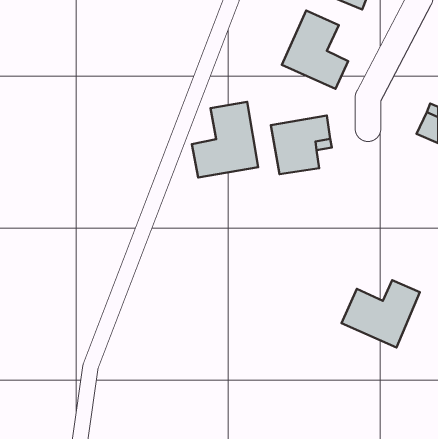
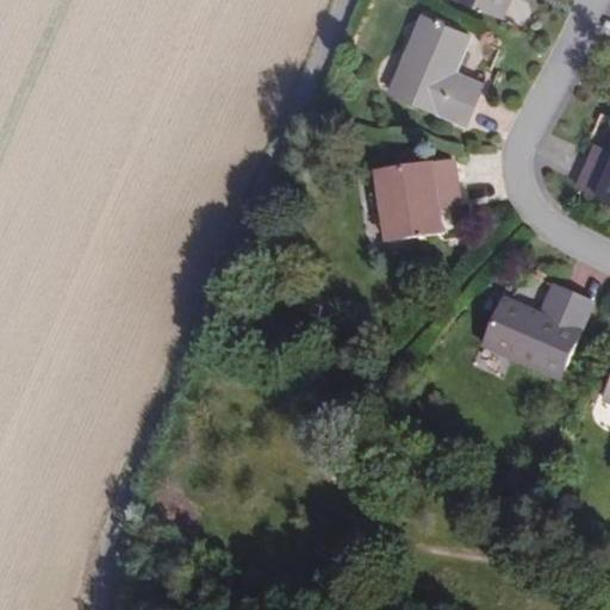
building: [192,102,258,177] -> none
building: [341,280,420,347] -> [483,285,591,378]

